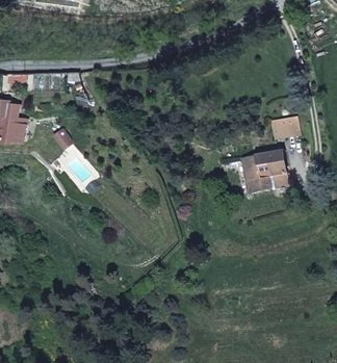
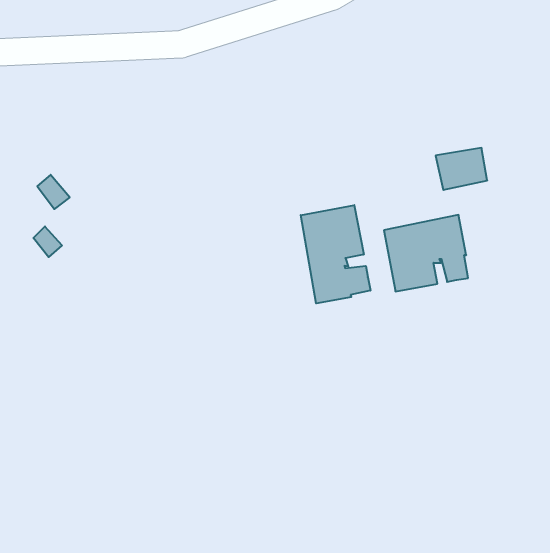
building: none -> [301,205,370,303]

